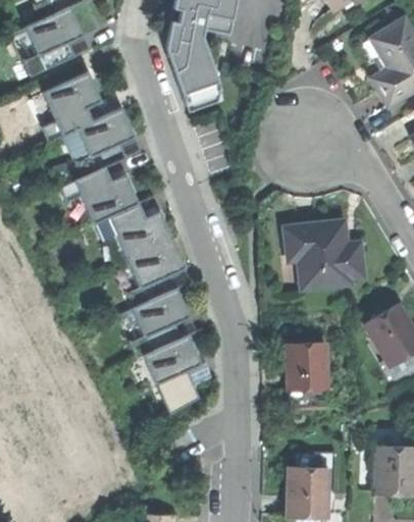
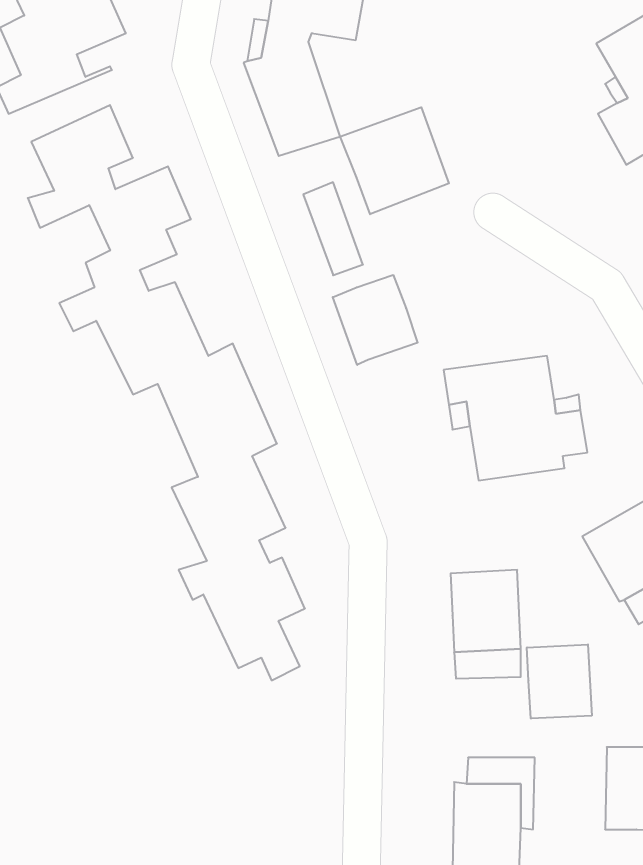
building: none -> [340,107,449,214]
building: none -> [333,275,418,365]
building: none -> [527,644,592,719]

